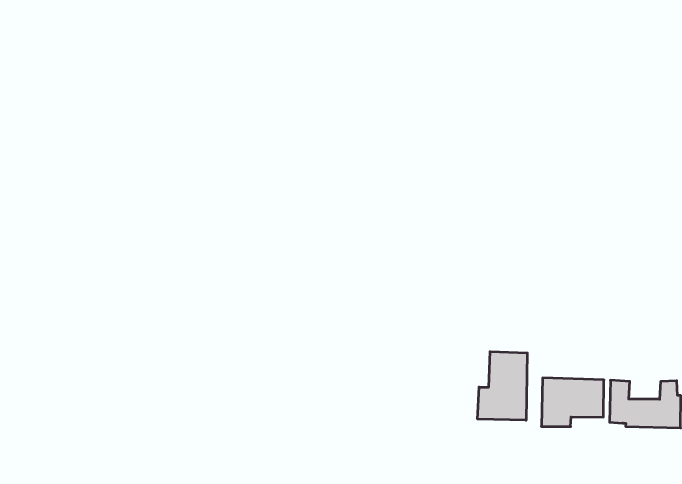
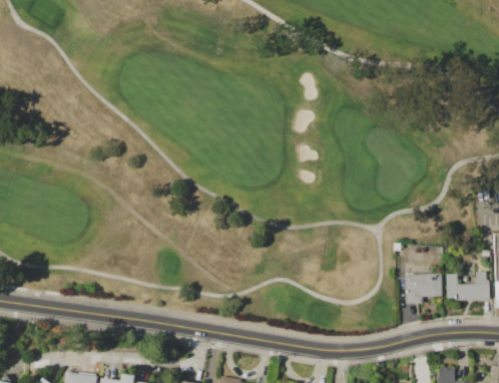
building: [478,352,527,420] -> none

